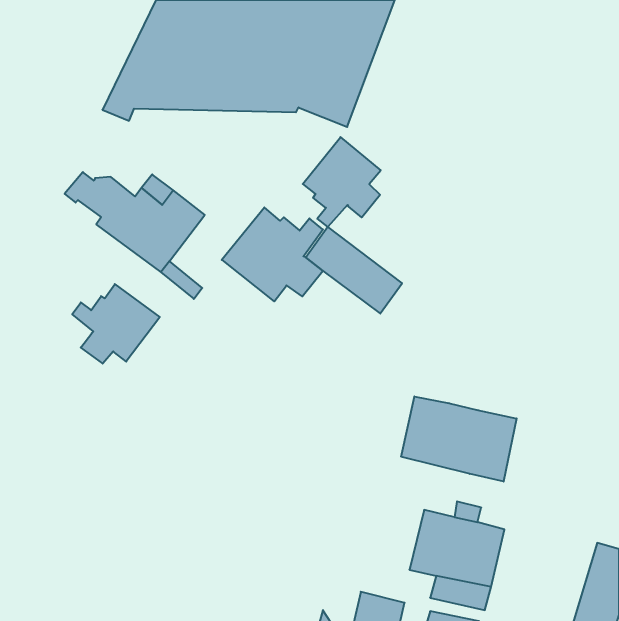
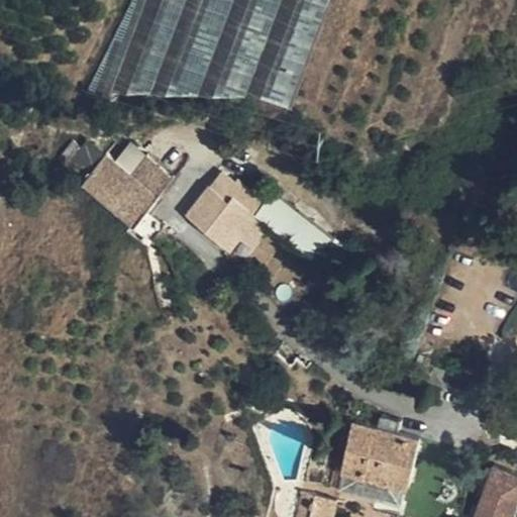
building: [303,137,381,227] -> none
building: [72,284,160,364] -> none
building: [401,396,517,482] -> none

